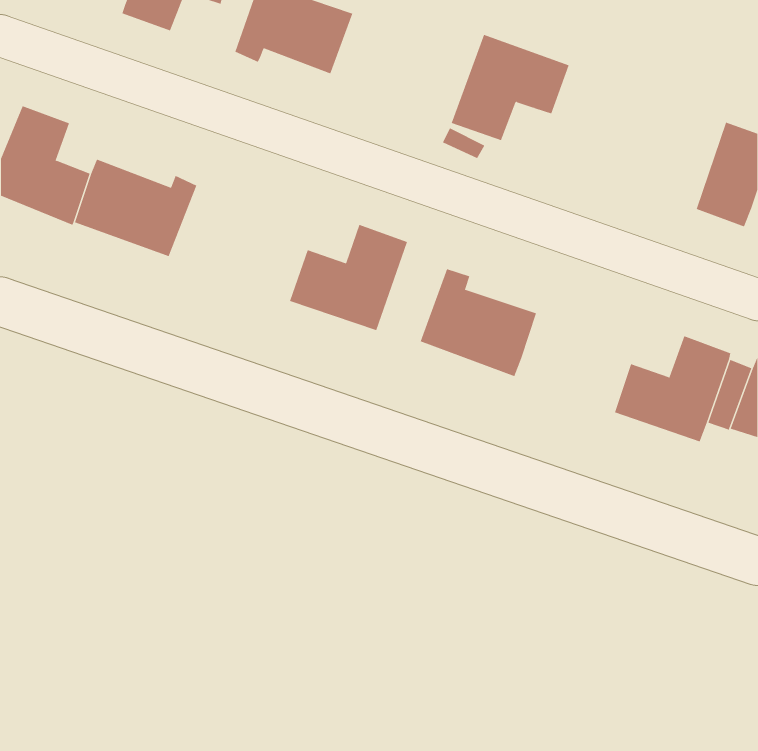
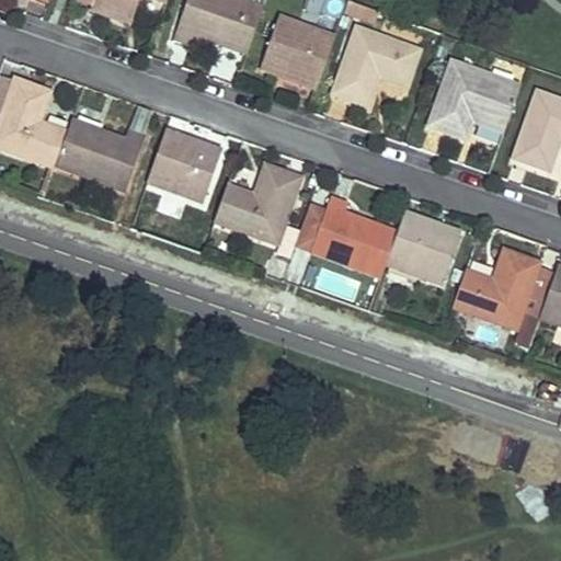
building: none -> [261,14,335,85]
building: none -> [428,59,522,137]
building: none -> [146,128,221,203]
building: none -> [386,210,462,284]

